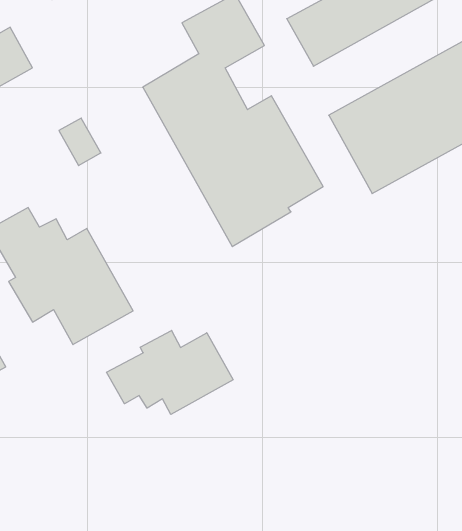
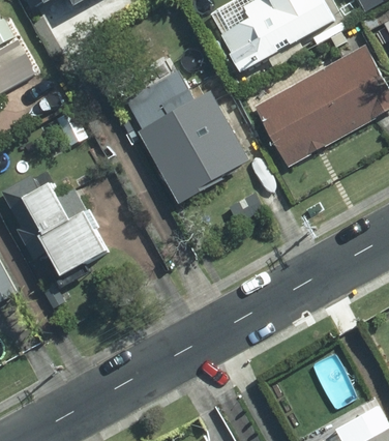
building: [107,330,233,414] -> none

